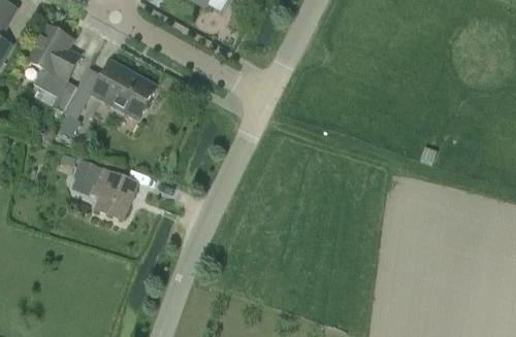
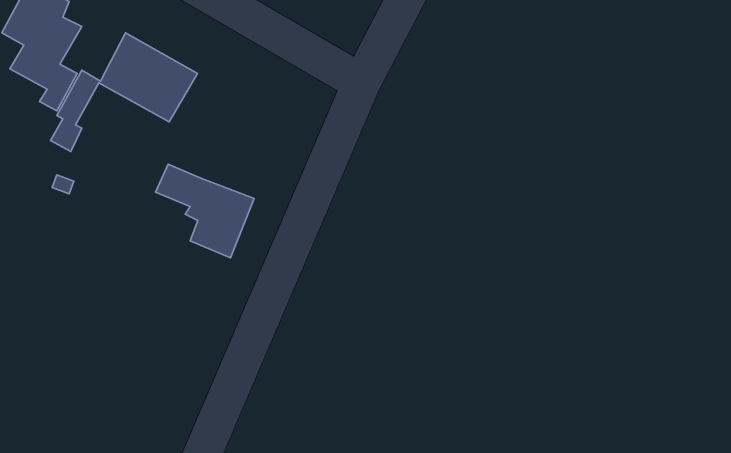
building: [71,157,136,218] -> [156,164,254,258]

